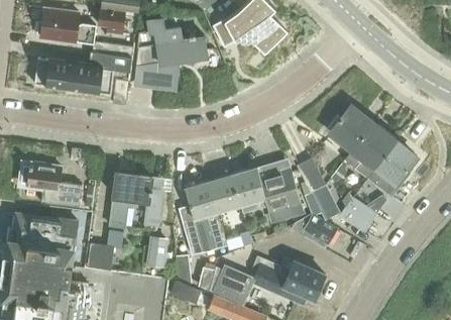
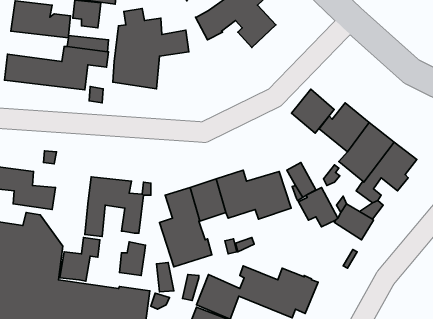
building: none -> [292,89,334,133]
building: [291,214,337,249] -> none

